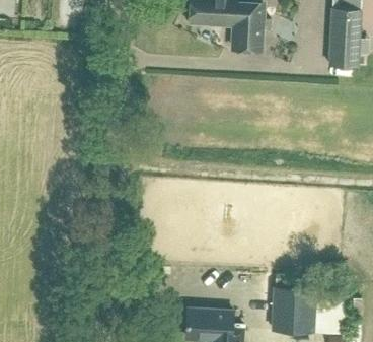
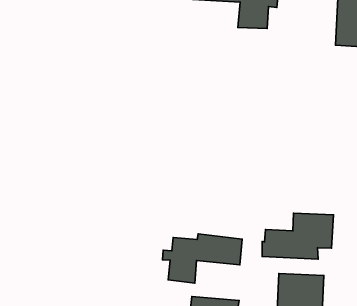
building: none -> [262,213,333,259]
building: none -> [163,234,242,283]

